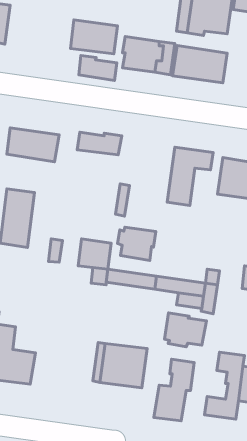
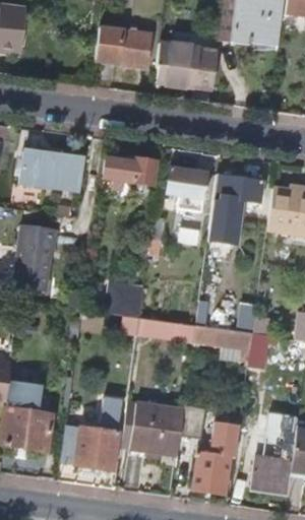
building: [172,46,227,83] -> none
building: [79,55,117,80] -> none
building: none -> [168,168,208,211]
building: [117,227,156,260] -> none
building: [164,313,207,347] -> none
building: none -> [62,398,123,470]

